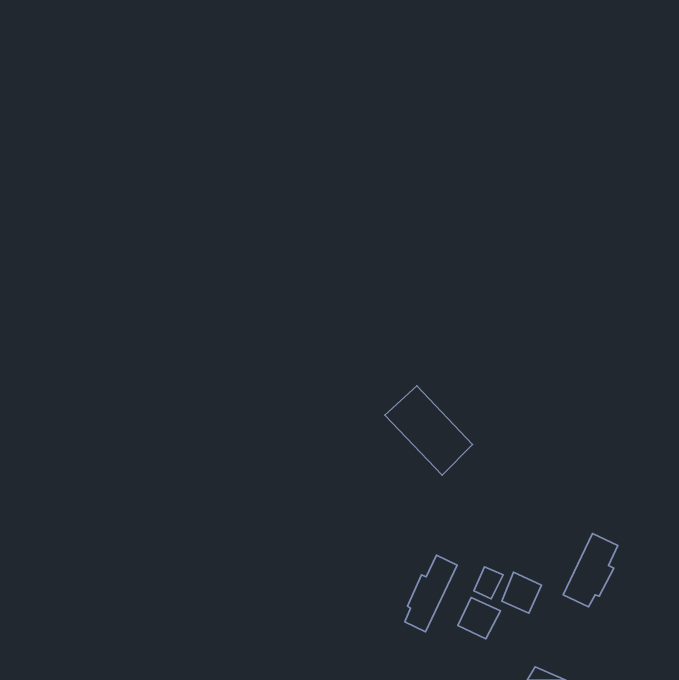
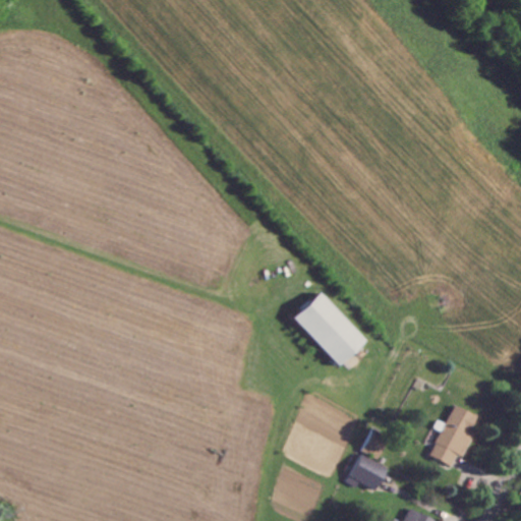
building: [405,555,457,632] -> none
building: [502,572,541,613] -> none

